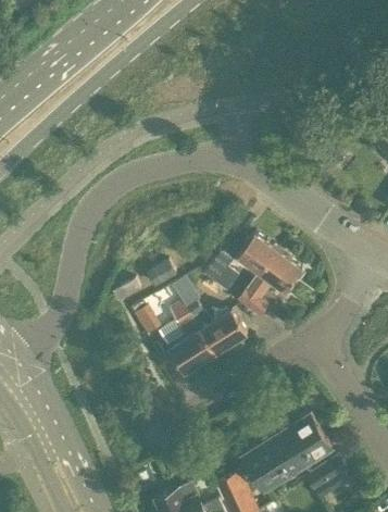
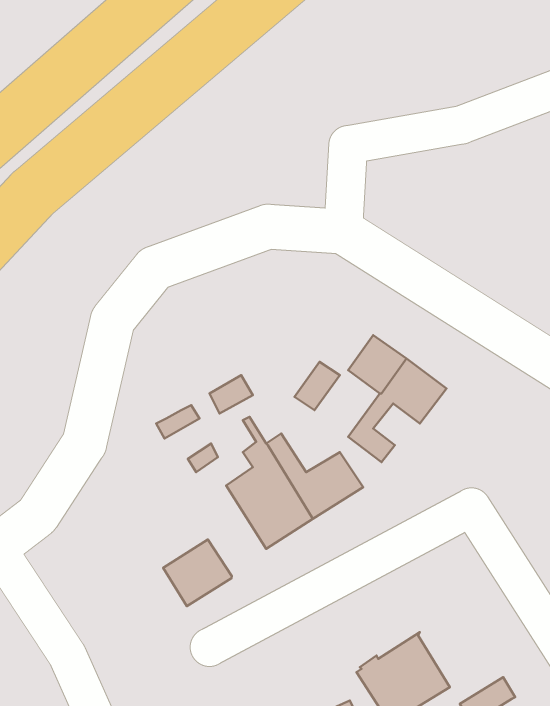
building: none -> [163,540,232,606]
building: [284,413,331,471] -> none

